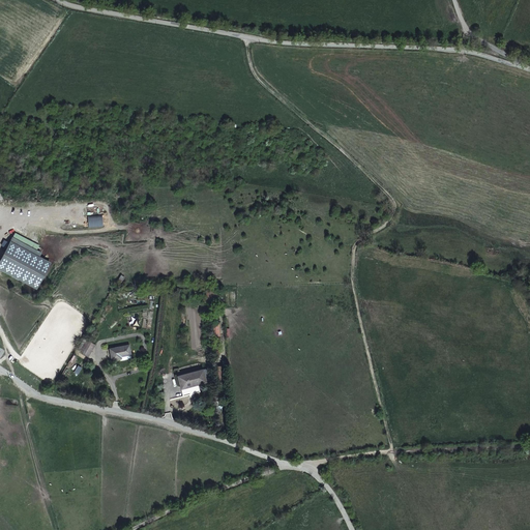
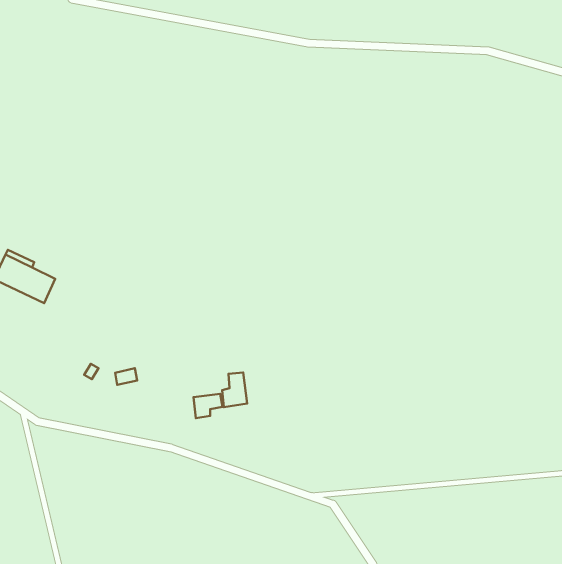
building: none -> [222,373,247,407]

